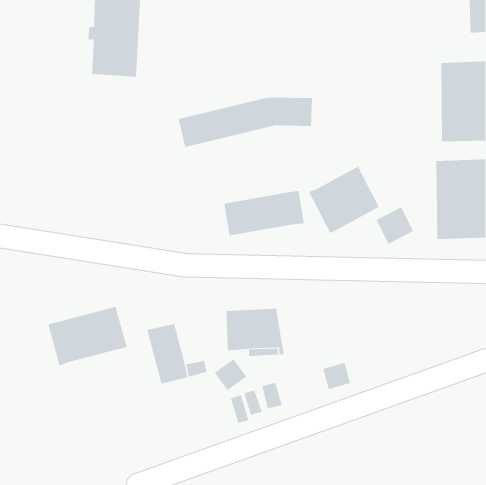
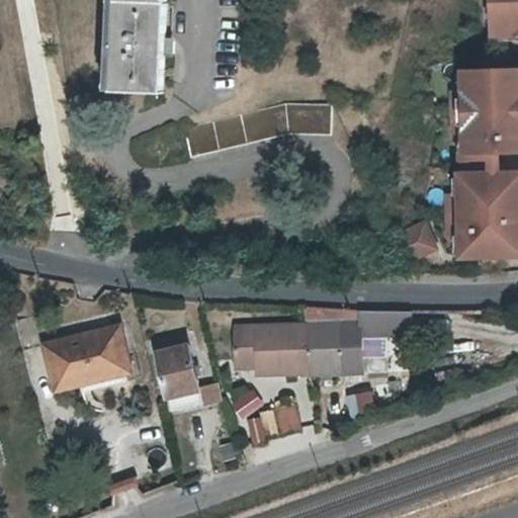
building: [308,166,380,234] -> none
building: [224,190,305,236] -> none
building: none -> [294,309,411,377]

